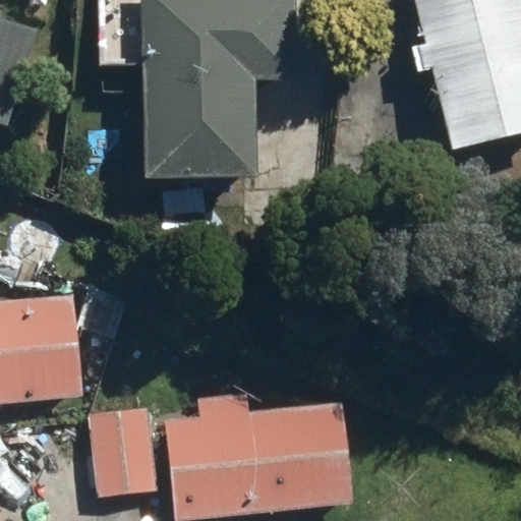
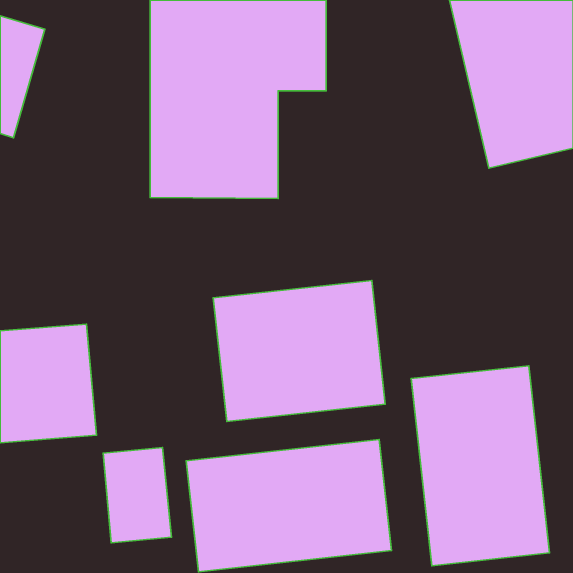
building: none -> [213,280,385,422]
building: none -> [411,366,550,566]

